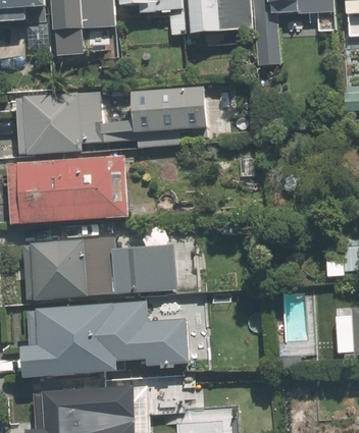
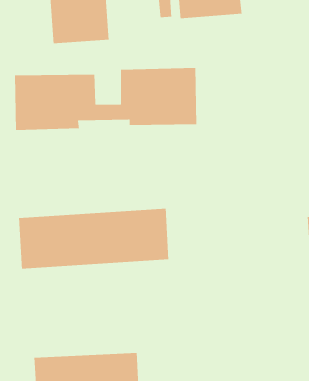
building: [8,156,126,222] -> none
building: [25,301,189,380] -> none

